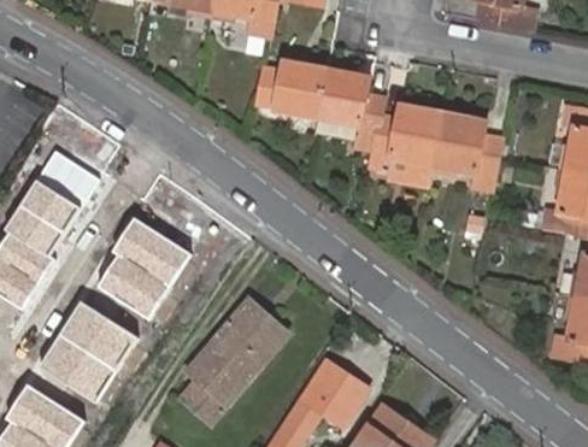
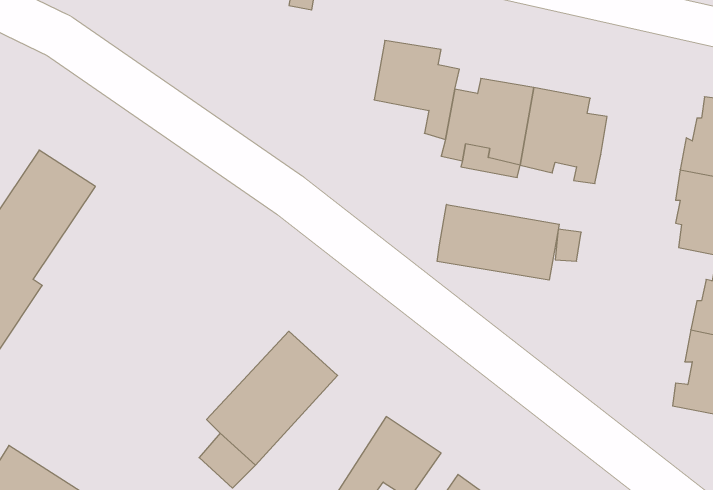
building: [257,55,325,112] -> none
building: none -> [437,204,559,280]
building: [100,216,193,320] -> none
building: [43,305,136,402] -> none

